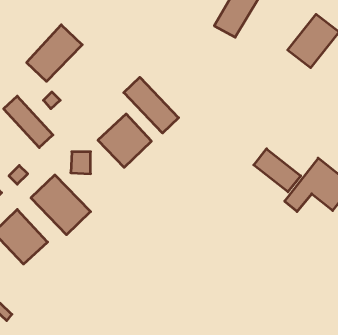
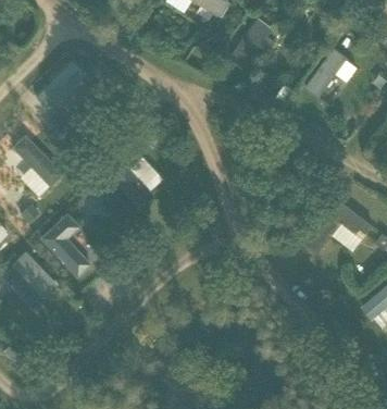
building: [124,77,179,133] -> none
building: [254,149,301,192] -> none

